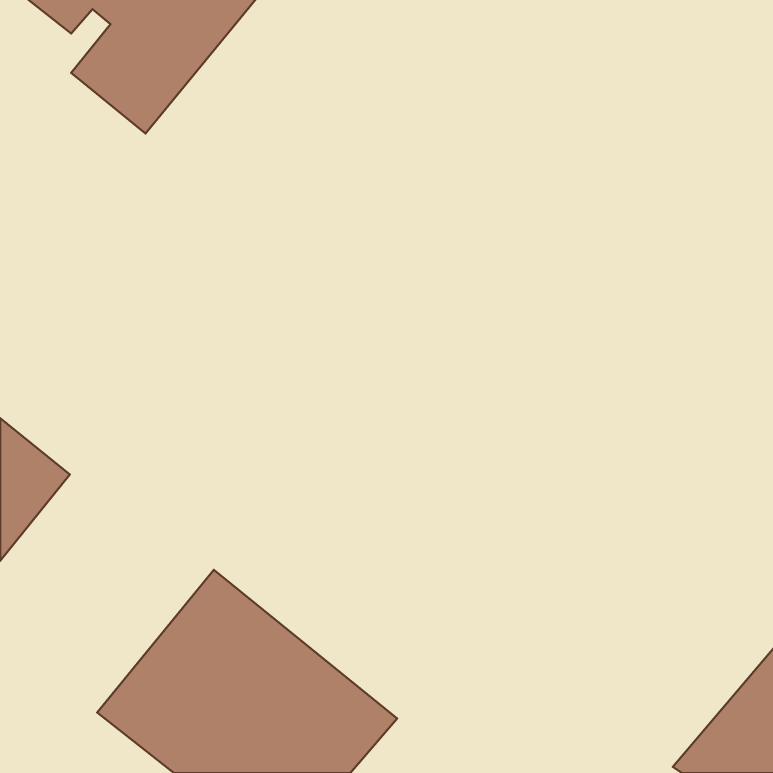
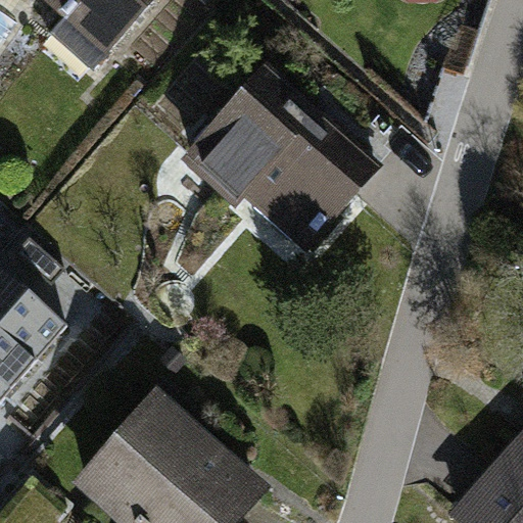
building: none -> [182,69,376,258]

